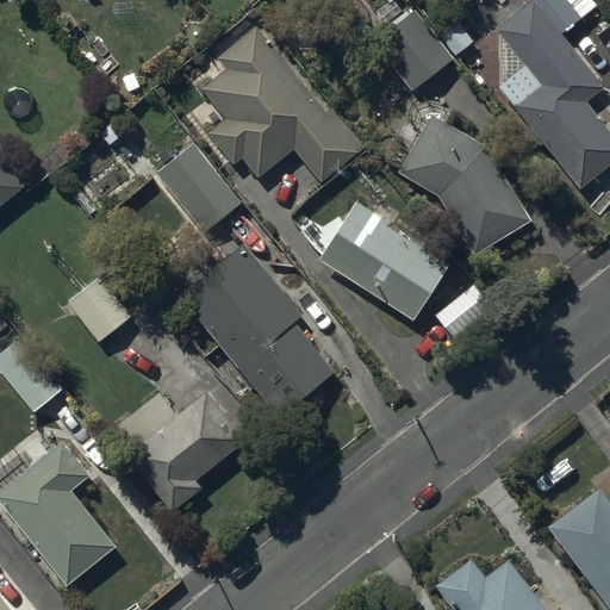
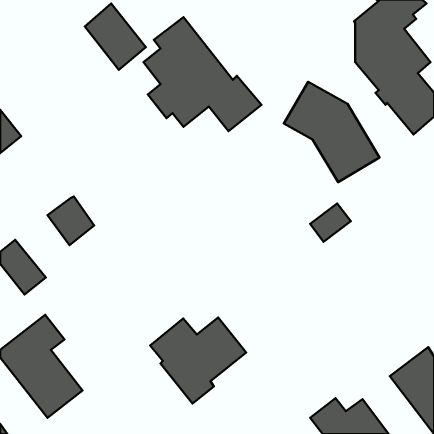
building: [372,6,455,92] -> none
building: [156,141,242,234] -> [85,4,146,70]
building: [319,200,450,320] -> none
building: [179,242,335,418] -> none
building: [112,391,247,511] -> [150,318,246,403]

